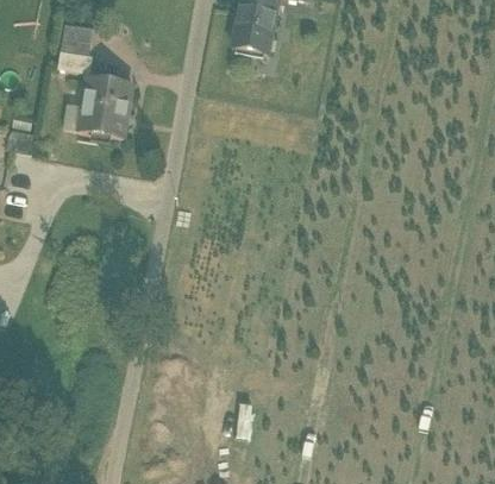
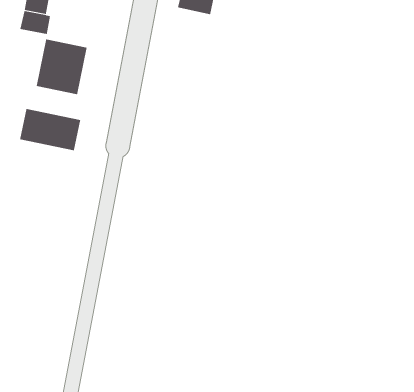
building: none -> [20,108,81,151]

